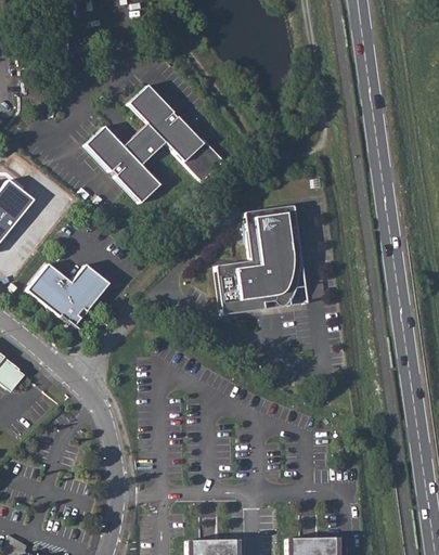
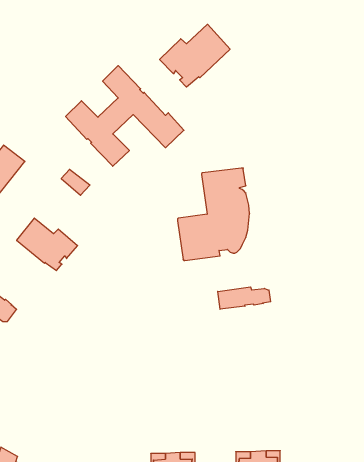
building: none -> [160,24,230,87]
building: [76,267,109,297] -> [61,169,90,195]
building: none -> [218,287,271,309]

